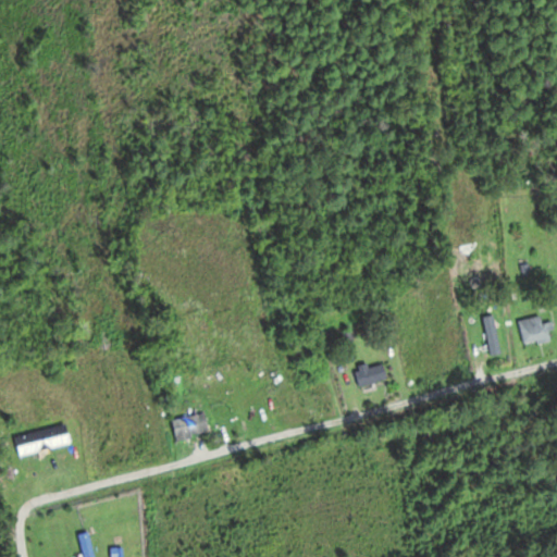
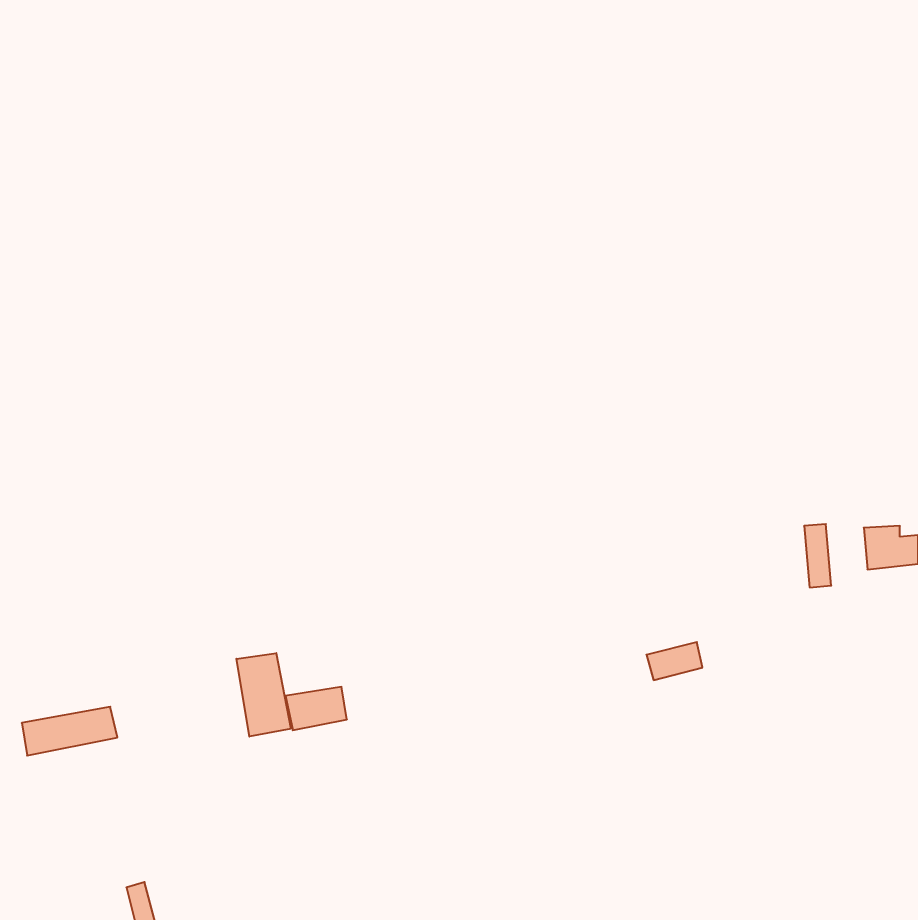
building: [354,366,387,388] -> [646,642,702,680]
building: none -> [236,653,291,737]

